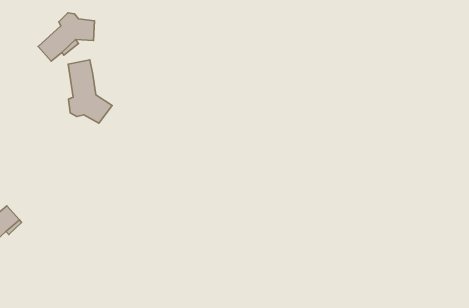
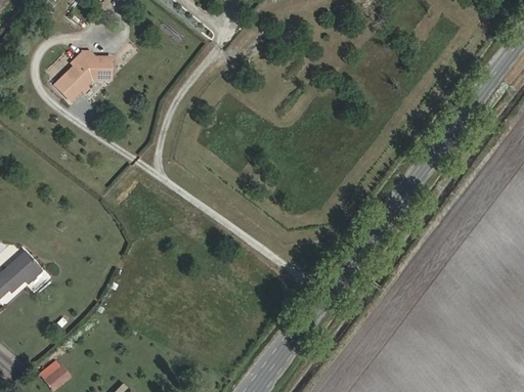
building: [68,60,112,123] -> none

